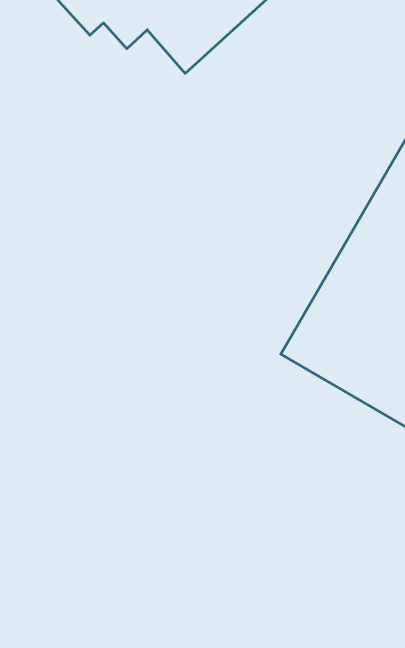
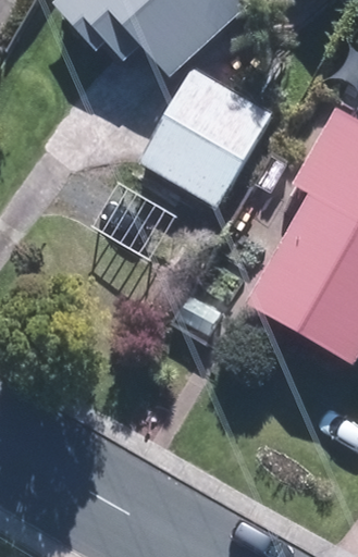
building: none -> [138,64,270,207]

